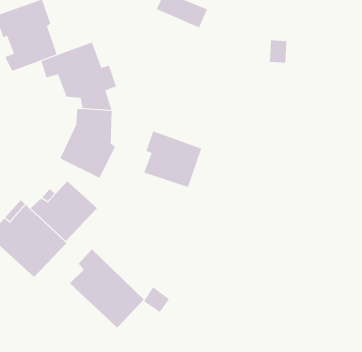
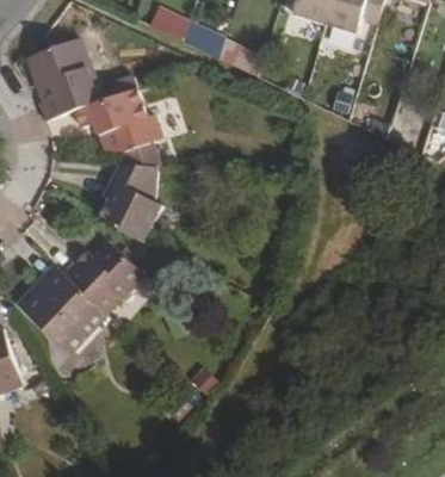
building: [144,131,202,188] -> none
building: [69,249,144,328] -> none

